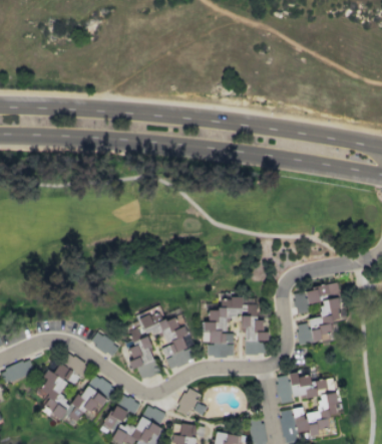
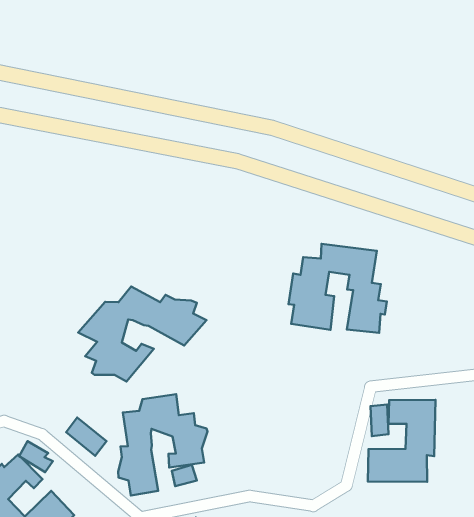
building: none -> [78,287,207,381]
building: [204,298,270,357] -> [288,244,387,333]

